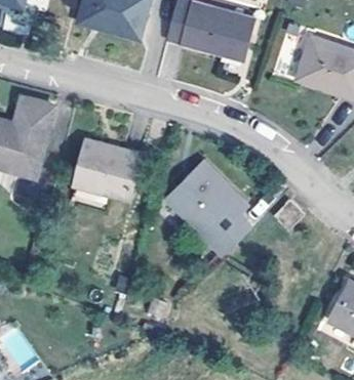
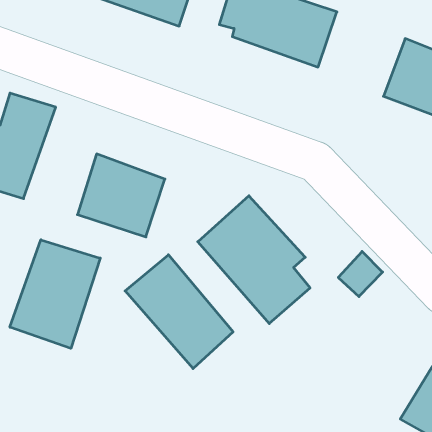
building: none -> [10,240,100,348]
building: none -> [125,255,233,369]

